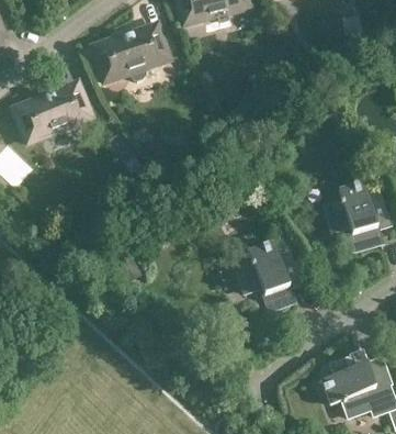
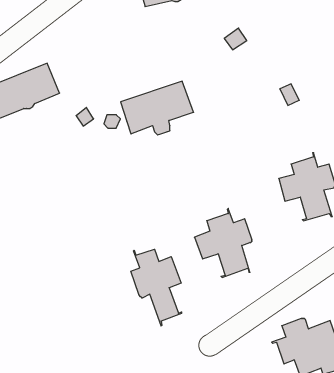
building: [92,25,170,82] -> [121,81,194,135]
building: none -> [131,249,182,326]

